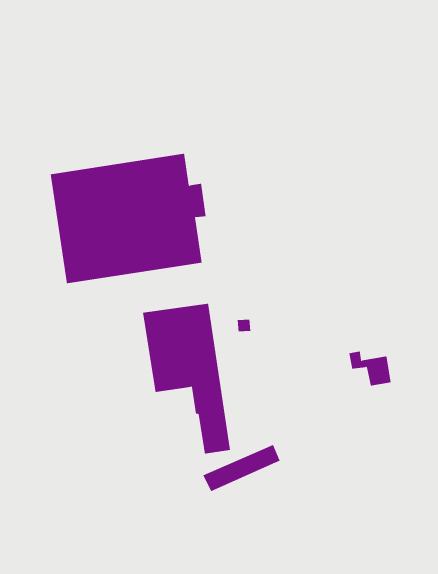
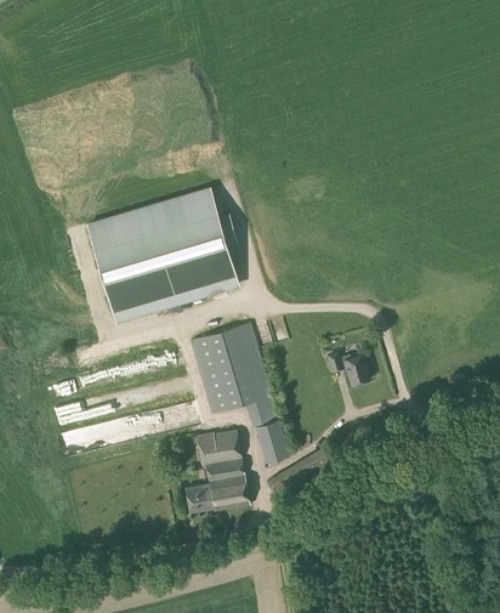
building: [348,351,392,386] -> [326,353,370,385]
building: none -> [184,431,249,512]

